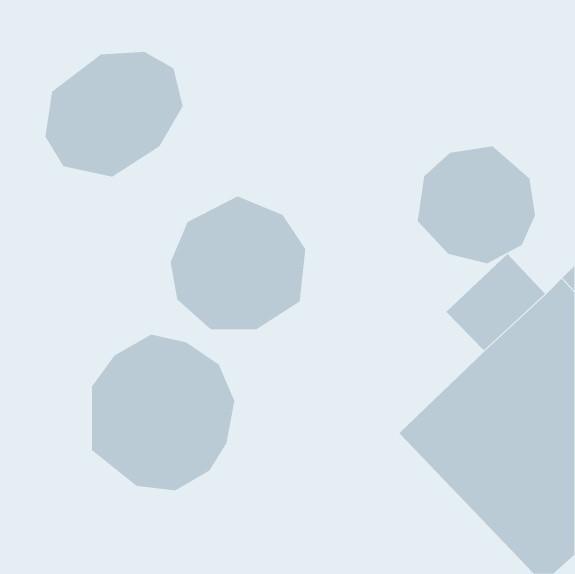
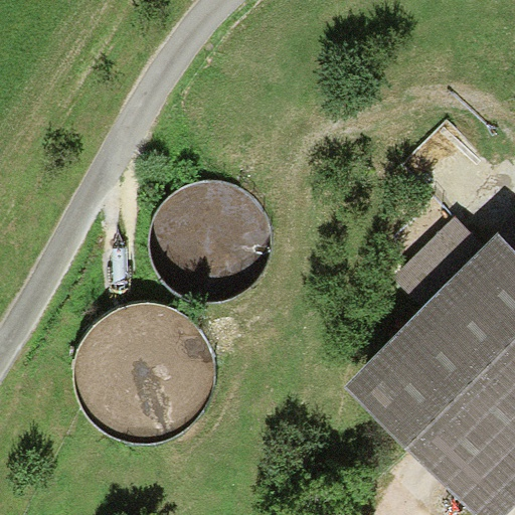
building: [45,51,183,177] -> none
building: [417,146,536,264] -> none

